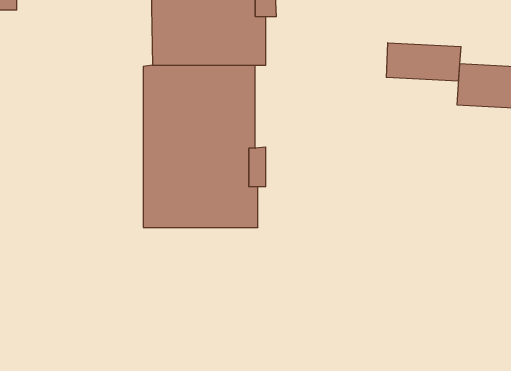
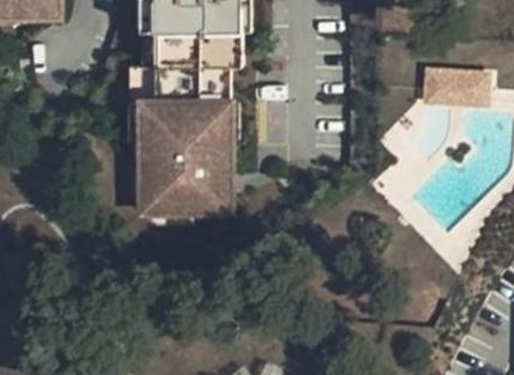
building: [386,43,461,81] -> none

